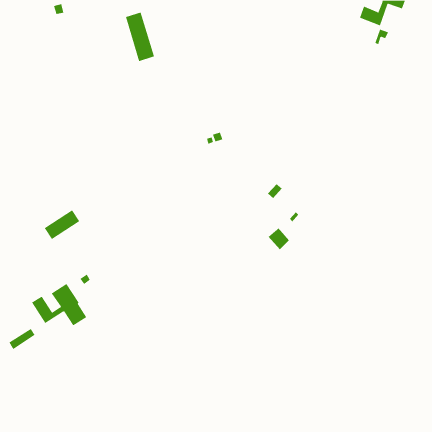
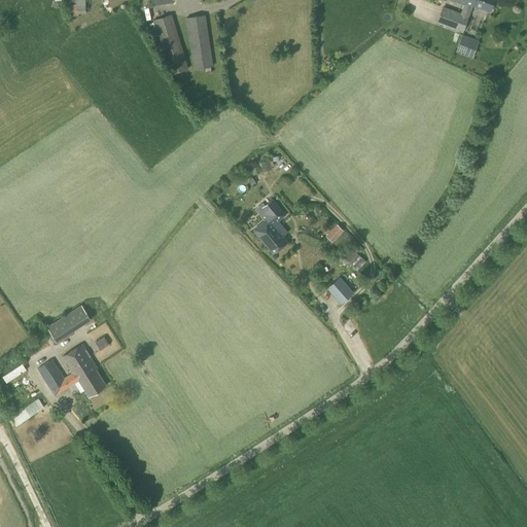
building: none -> [186,14,213,69]
building: none -> [253,199,287,253]
building: [44,209,80,240] -> [46,305,91,342]

